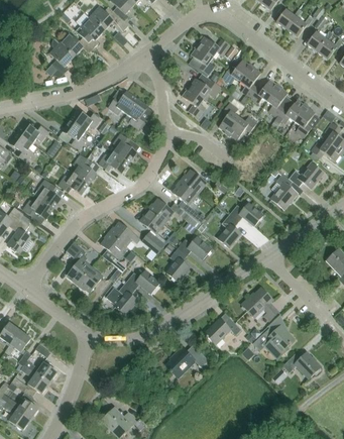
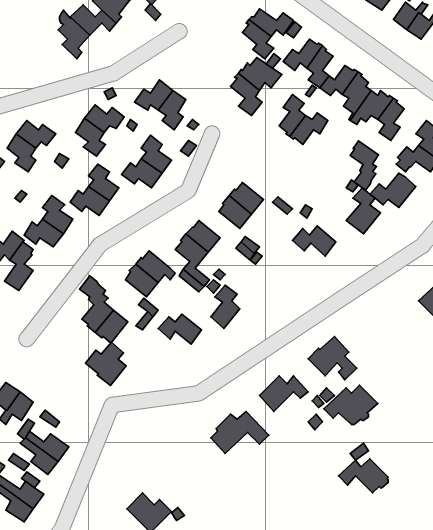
building: none -> [350,141,379,190]
building: [218,214,241,247] -> none
building: [178,237,211,259] -> none
building: [106,282,137,315] -> [85,342,126,386]
building: [282,352,321,378] -> [338,459,388,493]

